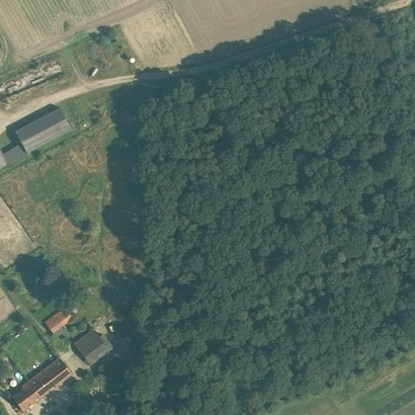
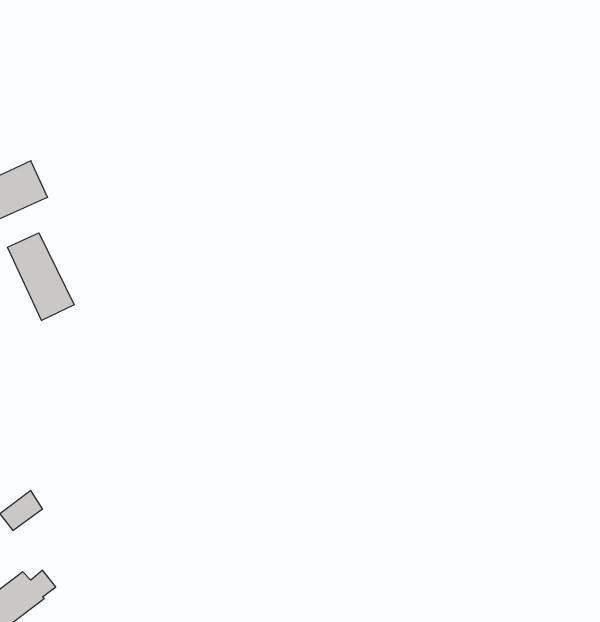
building: none -> [7,233,74,321]
building: [72,331,105,363] -> none

